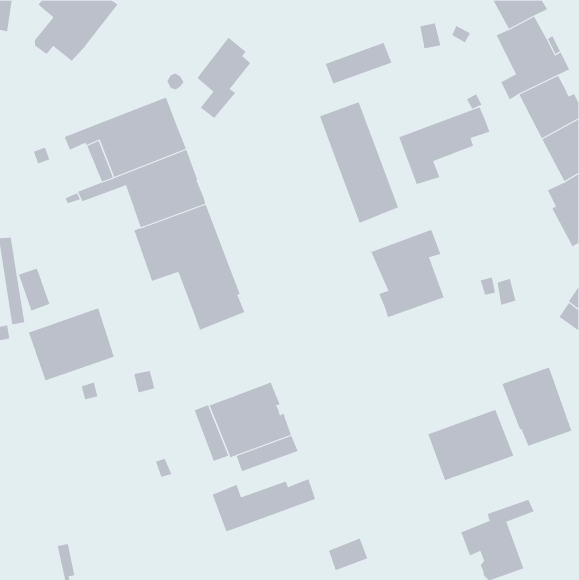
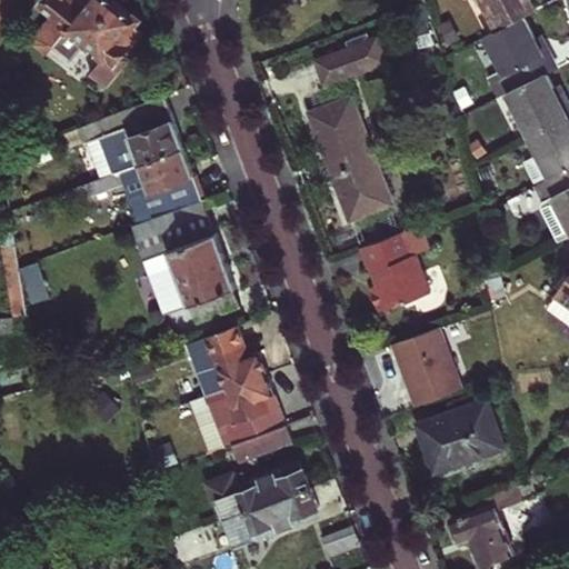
building: [196,37,251,119] -> [84,7,138,87]
building: [399,106,490,185] -> none
building: none -> [148,268,188,316]
building: [28,307,115,381] -> none
building: none -> [186,327,264,397]
building: [502,367,572,447] -> [392,328,461,406]
building: none -> [220,489,316,548]

